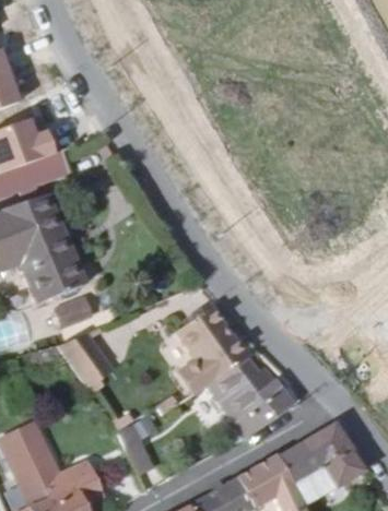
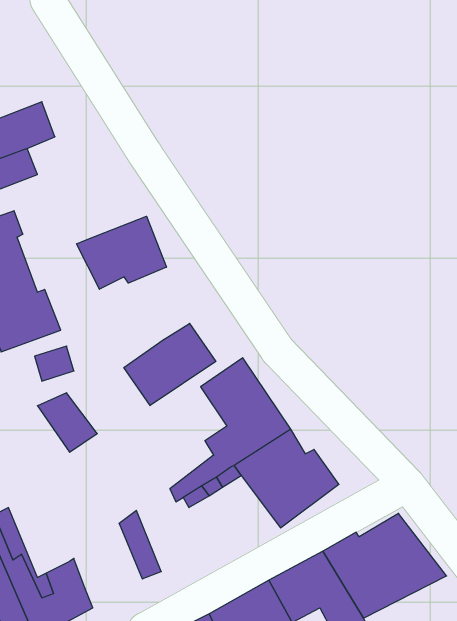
building: none -> [77,216,166,289]
building: none -> [124,323,216,406]

